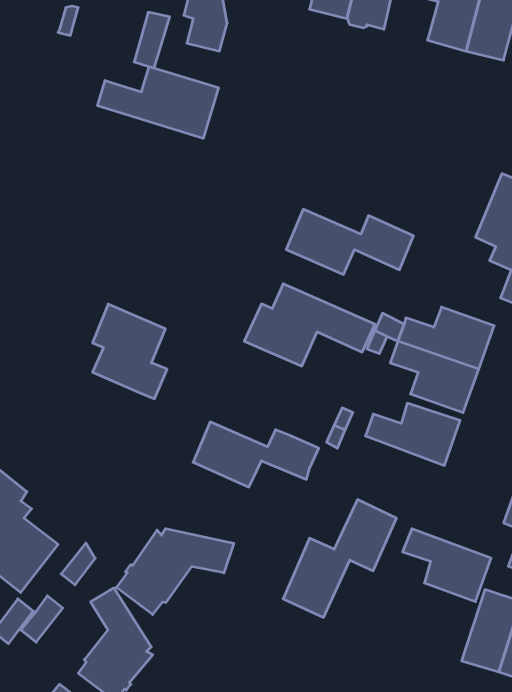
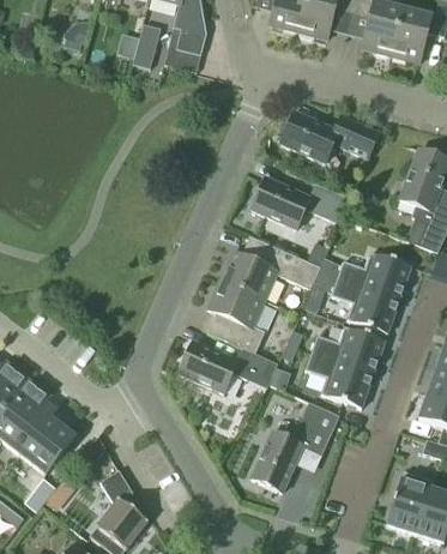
building: [98,67,218,138] -> none
building: none -> [280,112,379,163]
building: [93,304,167,399] -> [207,279,265,353]
building: [116,529,234,615] -> none
building: [403,529,491,602] -> [306,353,374,409]

